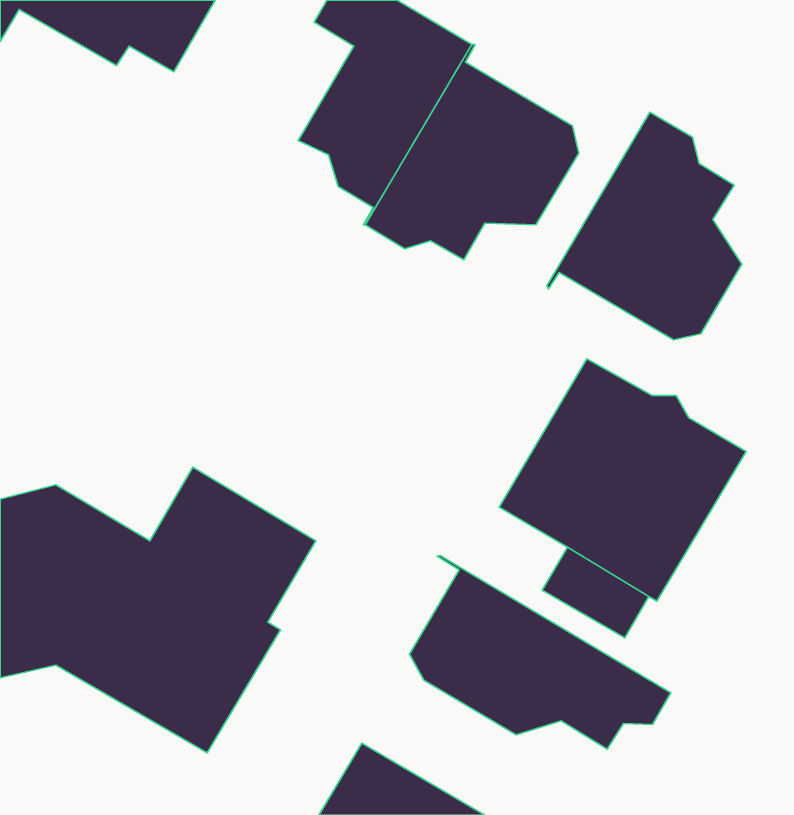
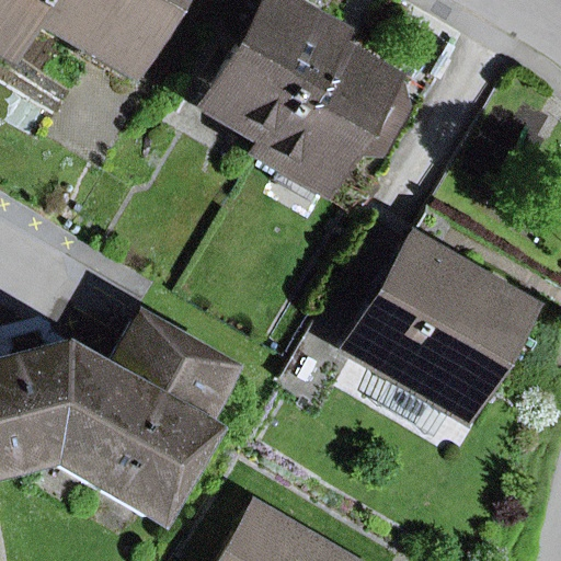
building: [547,112,742,340] -> none
building: [409,555,671,749] -> none

